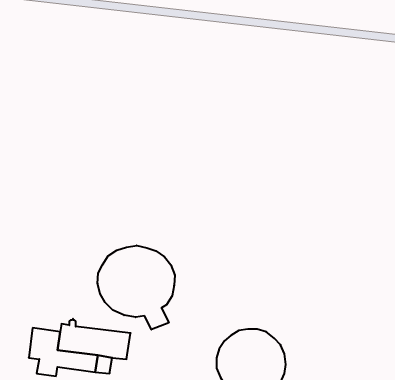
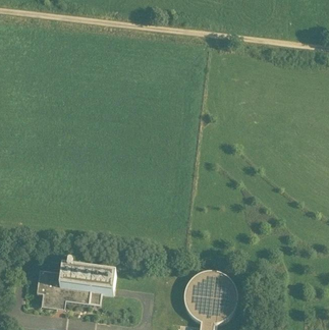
building: [98,245,175,330] -> none

